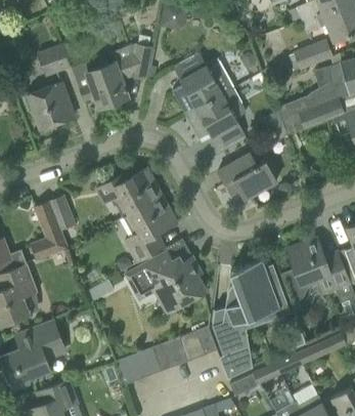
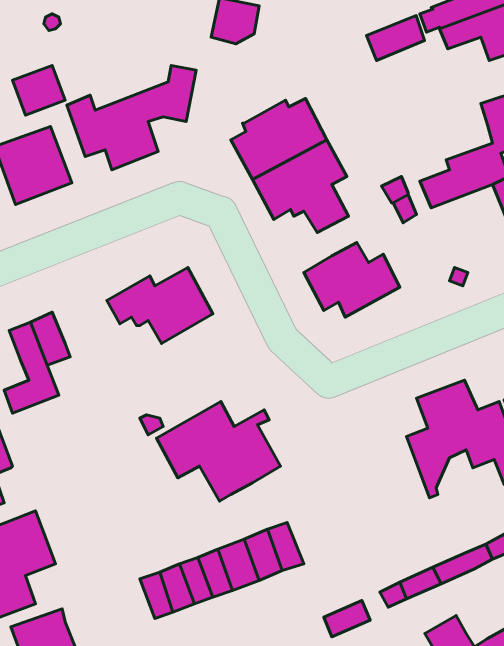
building: [295,41,330,69] -> [367,16,425,60]
building: [126,197,176,262] -> none
building: [213,258,291,378] -> none

